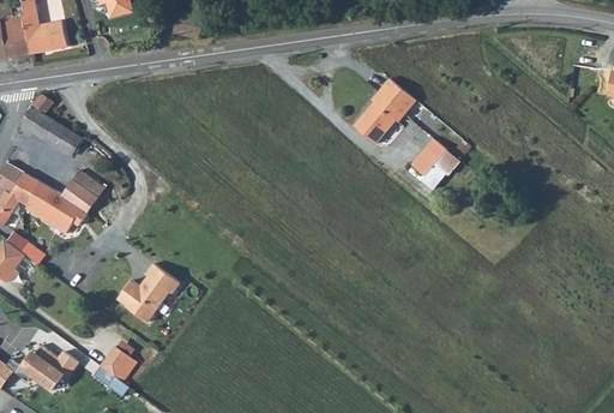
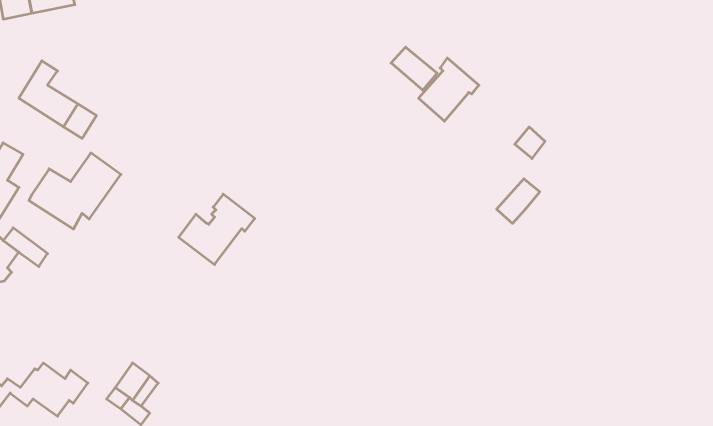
building: [377,77,415,113] -> [391,47,437,90]
building: [409,137,445,174] -> [497,179,540,223]
building: [10,170,44,204] -> none
building: [115,263,179,322] -> [179,194,255,265]

